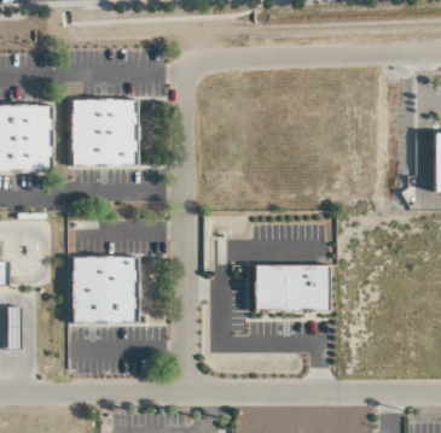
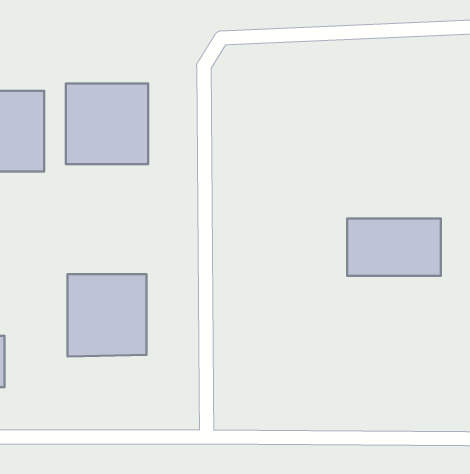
building: [254,265,331,312] -> [347,219,441,276]

